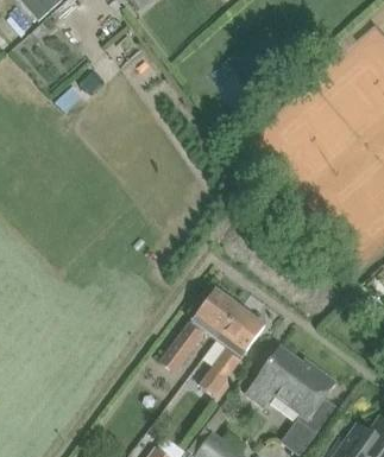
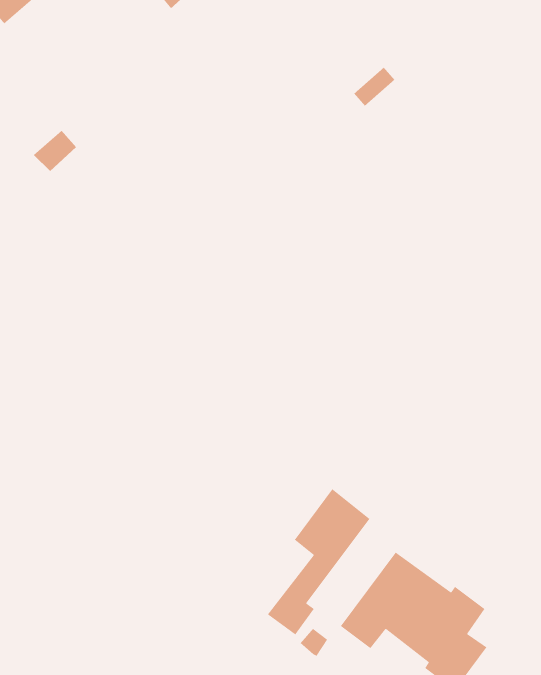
building: [160,288,240,372] -> none

